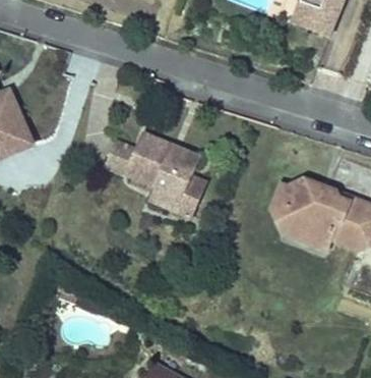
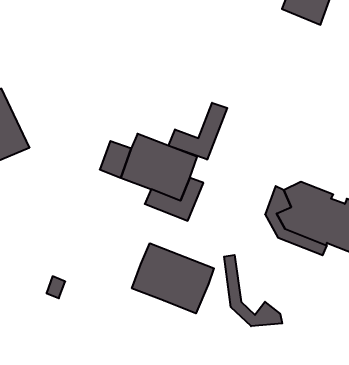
building: none -> [169,103,227,160]
building: none -> [132,243,214,313]
building: none -> [224,255,282,326]

